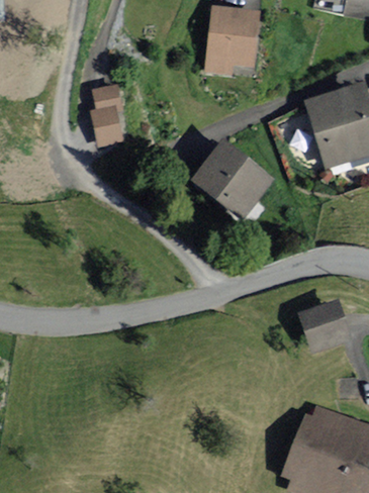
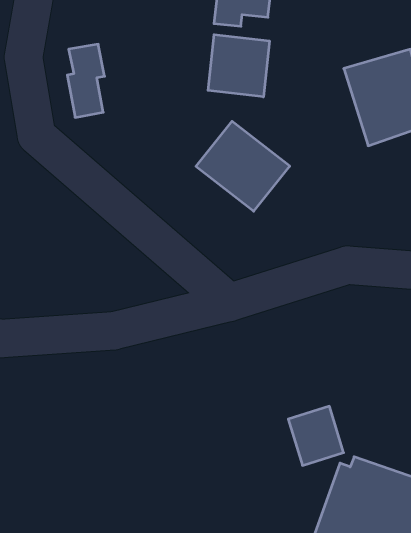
building: none -> [208,35,269,97]
building: [302,303,346,350] -> [288,406,344,465]

